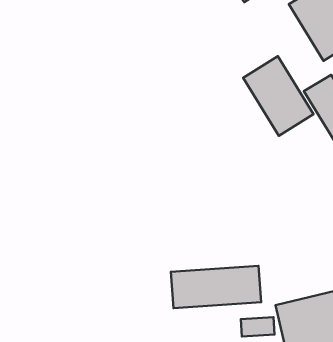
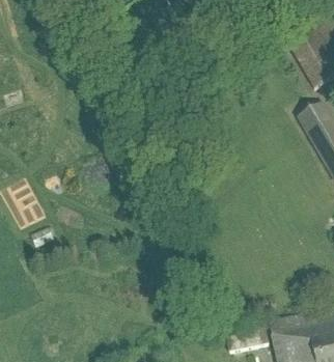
building: [243,56,313,136] -> none
building: [171,266,261,308] -> none

